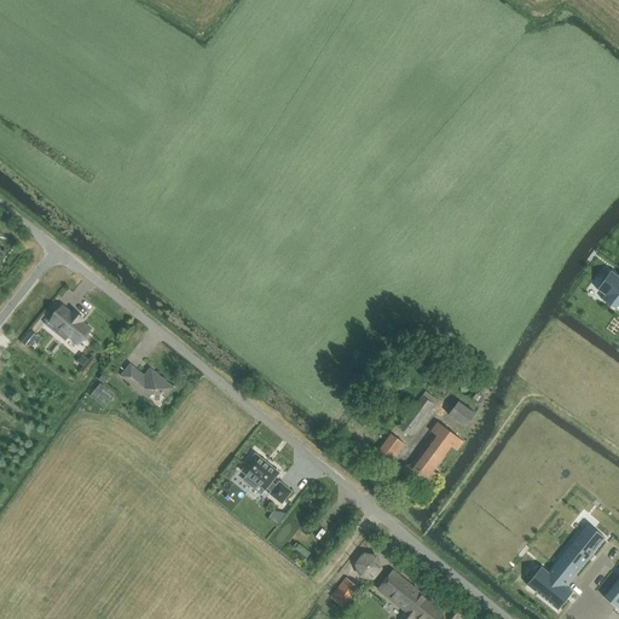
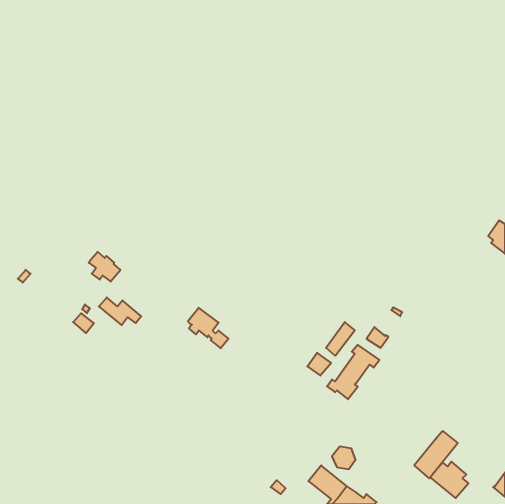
building: [52,306,91,342] -> [89,252,120,282]
building: [242,453,291,503] -> [188,308,228,348]
building: [553,522,606,580] -> [414,431,458,478]
building: [353,551,382,579] -> [332,447,356,469]

